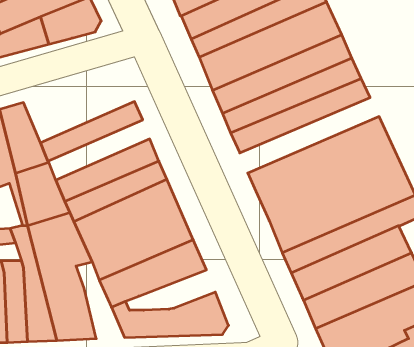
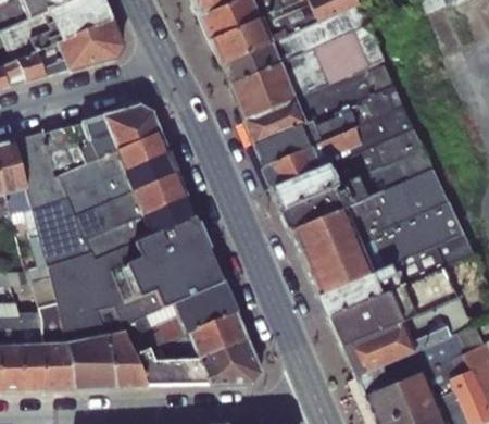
building: none -> [41,105,161,175]
building: none -> [274,126,424,208]
building: none -> [67,150,177,215]
building: none -> [98,303,150,386]
building: none -> [151,312,248,356]

